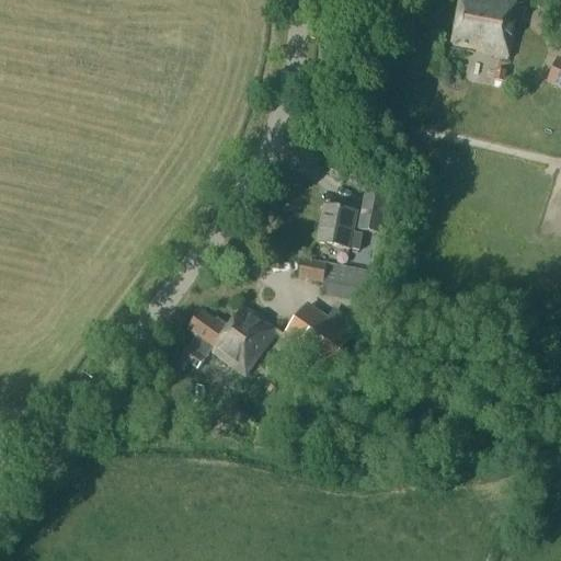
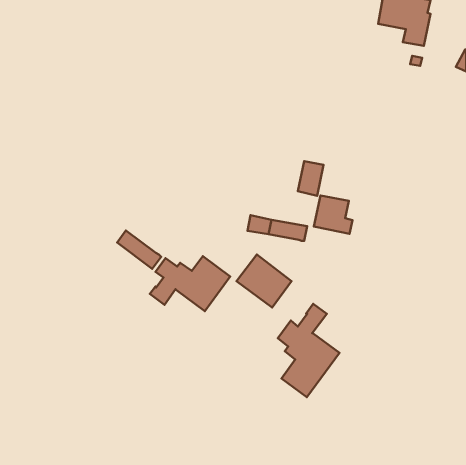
building: [316,205,362,251] -> [314,195,352,234]
building: none -> [117,231,161,269]
building: none -> [278,304,339,397]

